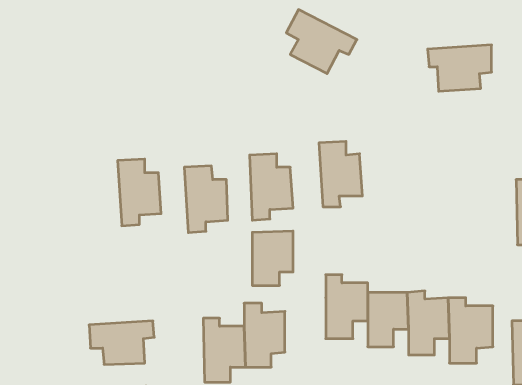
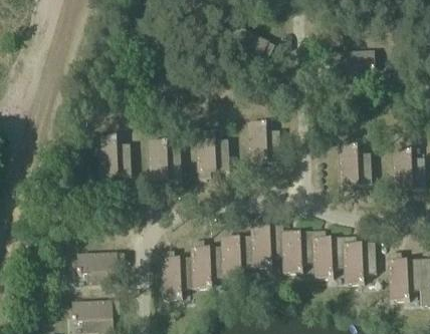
building: none -> [339,143,373,192]
building: [252,231,293,285] -> [222,236,252,276]

